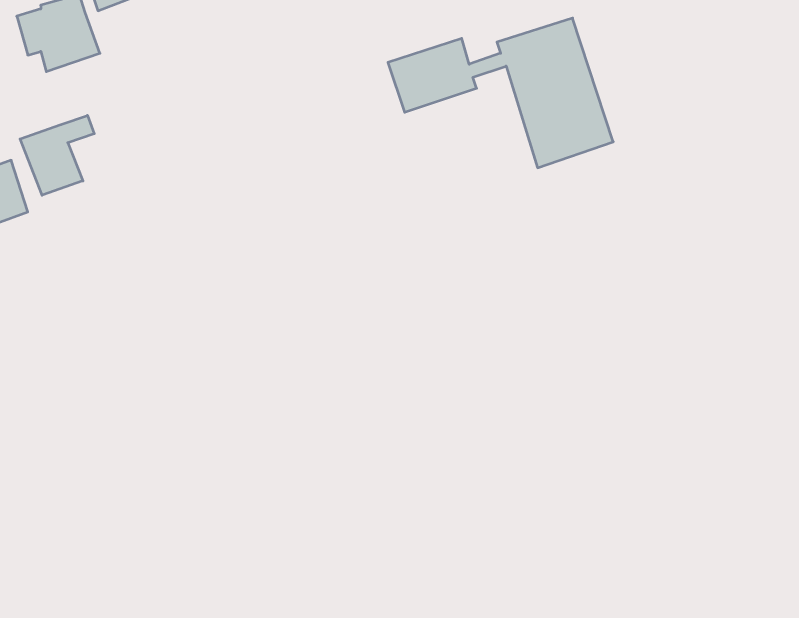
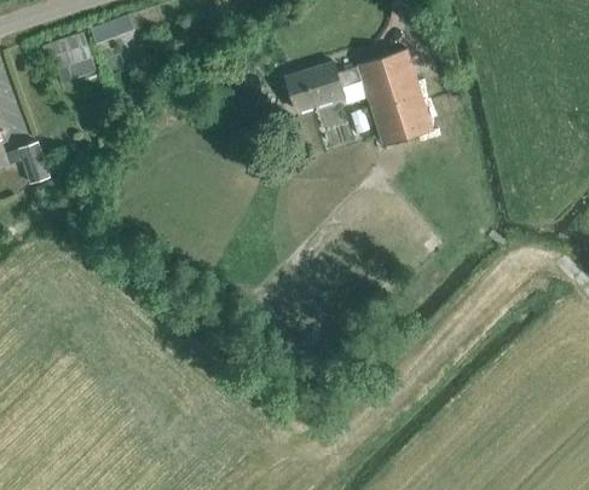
building: [20,115,94,195] -> none

